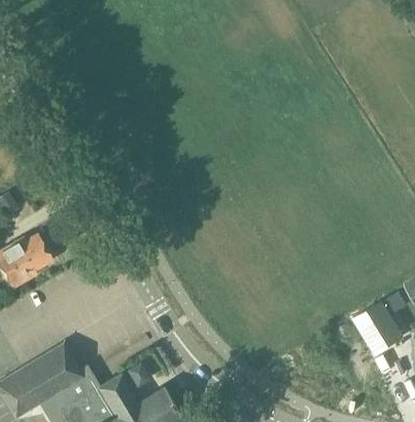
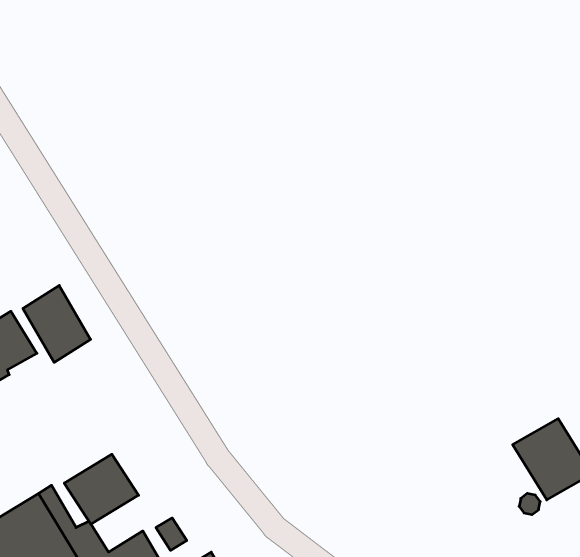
building: none -> [23,285,91,362]
building: none -> [64,454,139,524]

